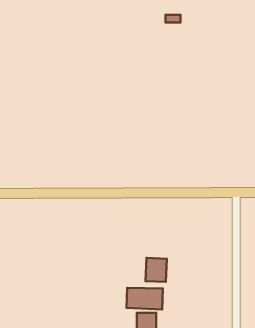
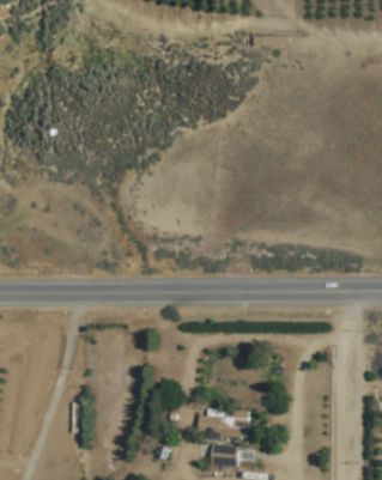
building: [145,258,167,282] -> none

